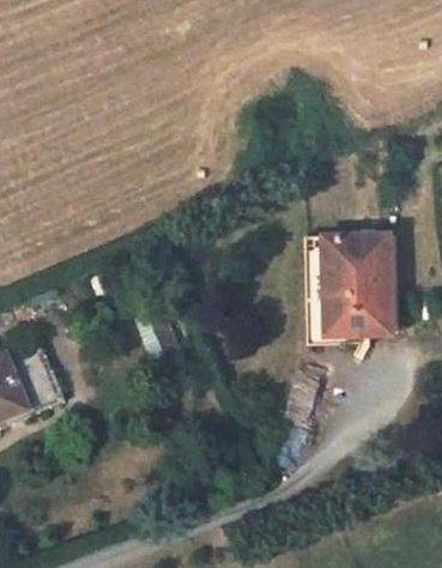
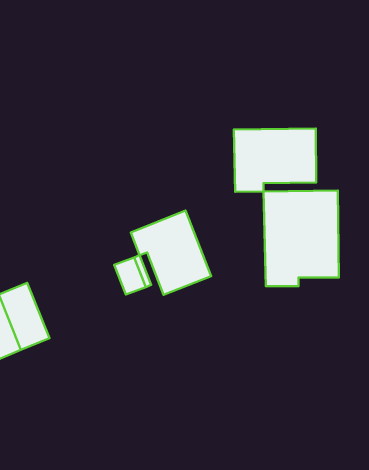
building: none -> [234,128,316,192]
building: none -> [131,210,211,295]

